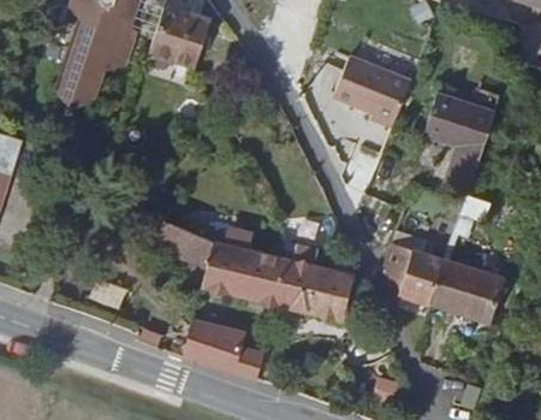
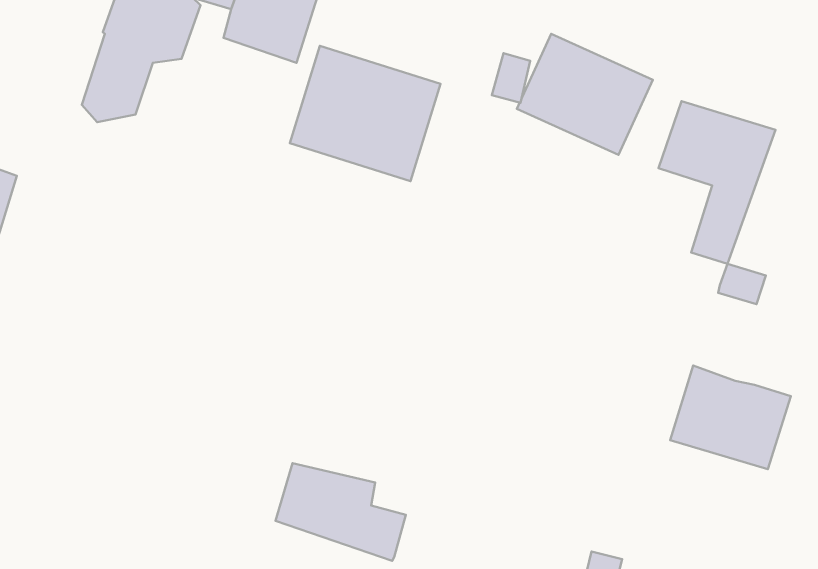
building: none -> [290,46,440,181]
building: [151,219,355,321] -> none
building: [384,230,444,304] -> none

